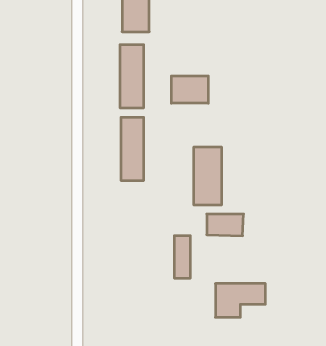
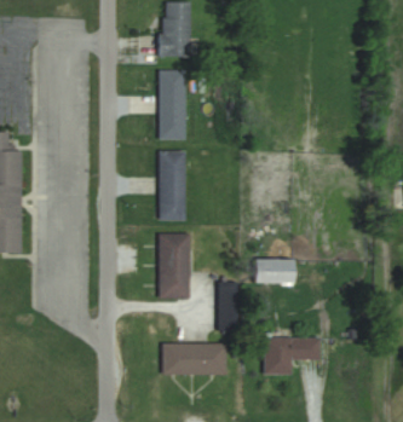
building: [171,76,208,103] -> none
building: [194,147,222,205] -> [159,235,190,299]
building: none -> [161,343,226,374]

